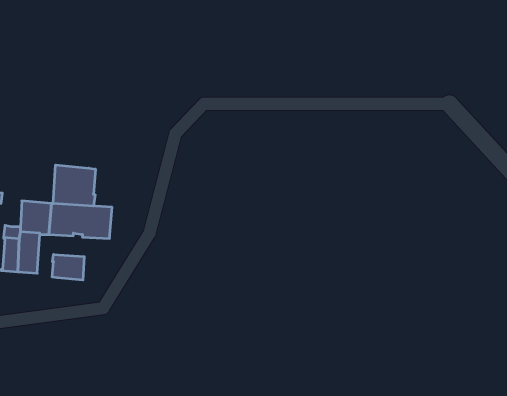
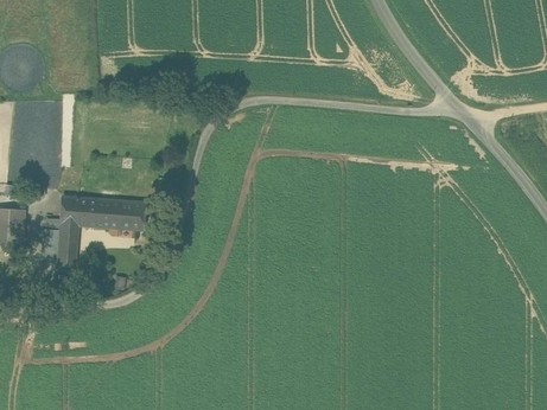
building: [53,165,95,206] -> none
building: [52,254,84,280] -> none

